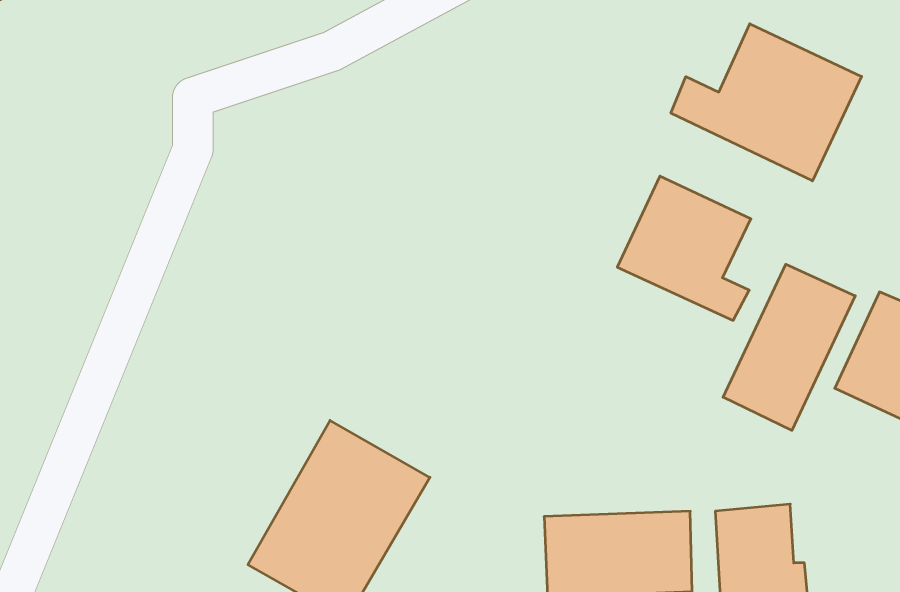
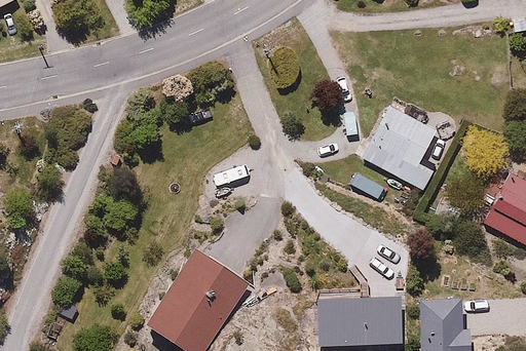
building: [671,24,862,181] -> none
building: [723,264,855,430] -> none

